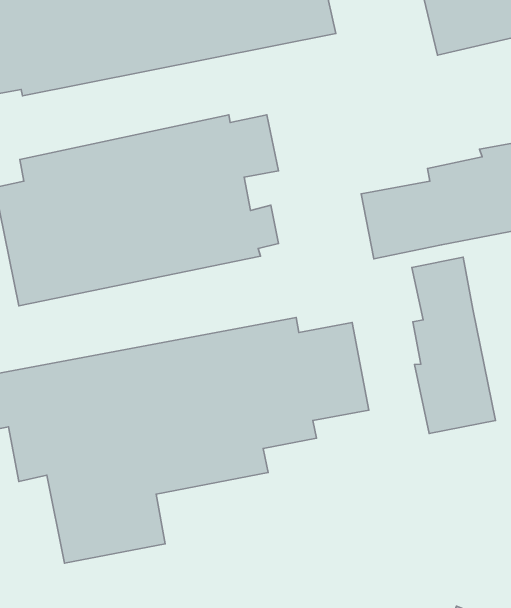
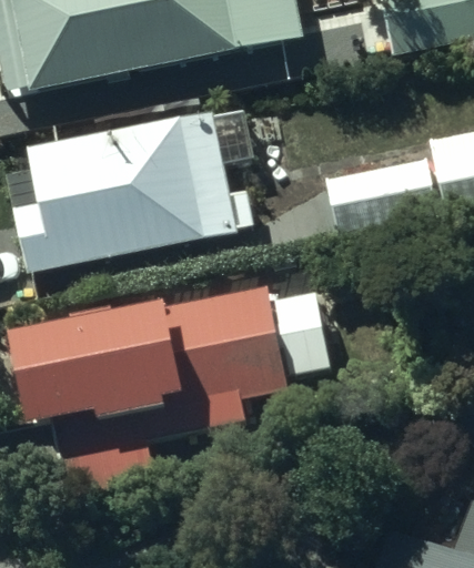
building: [412,257,495,434] -> none

